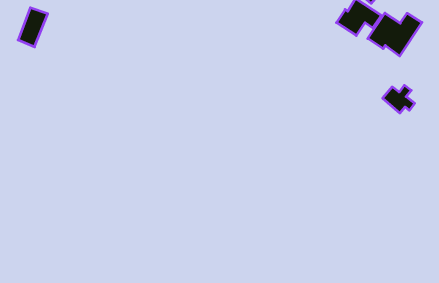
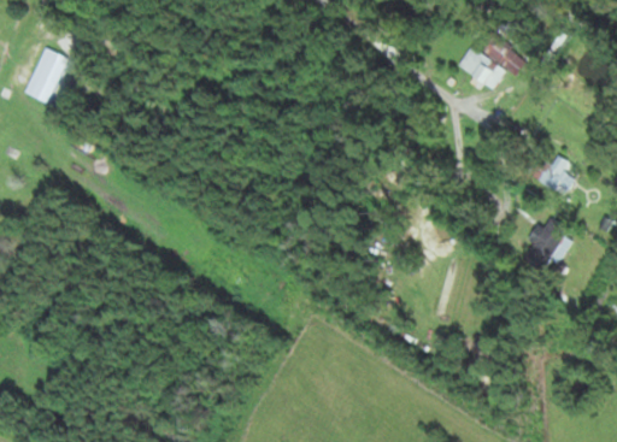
building: [368,13,422,56] -> none
building: none -> [527,218,574,272]

